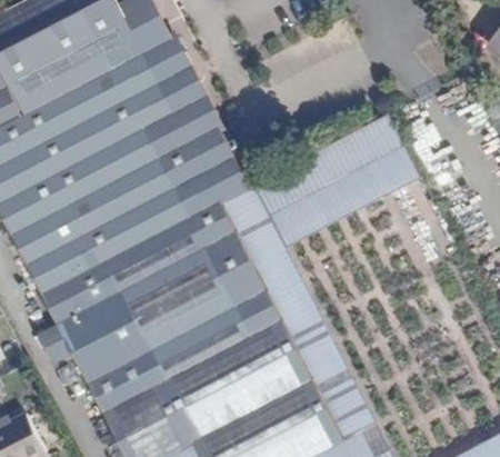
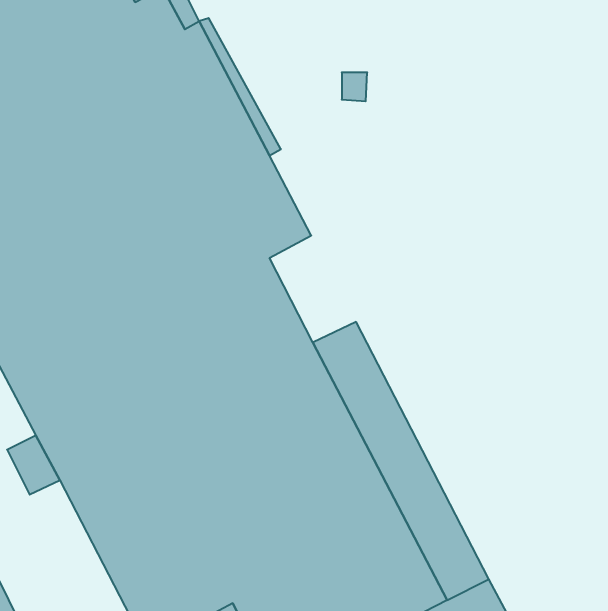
building: [217,109,414,255] -> none

